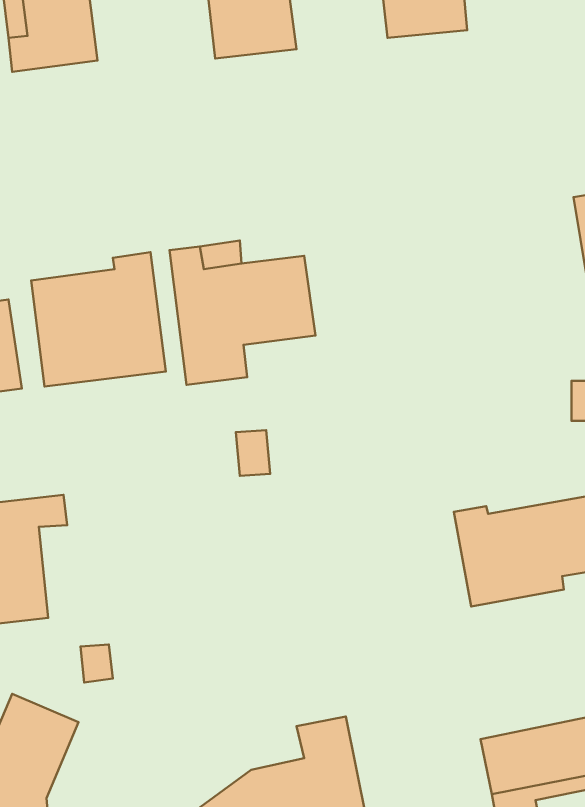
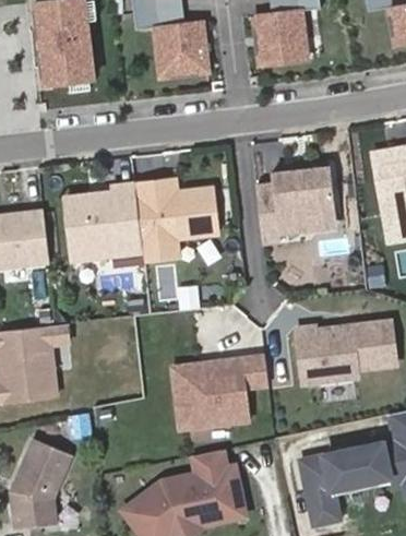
building: none -> [252,164,332,241]
building: none -> [175,356,272,434]

